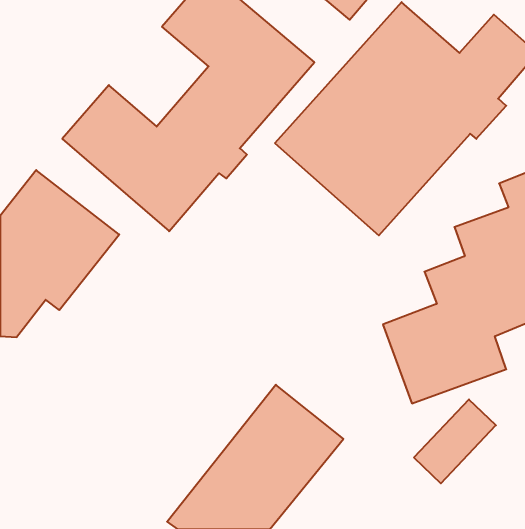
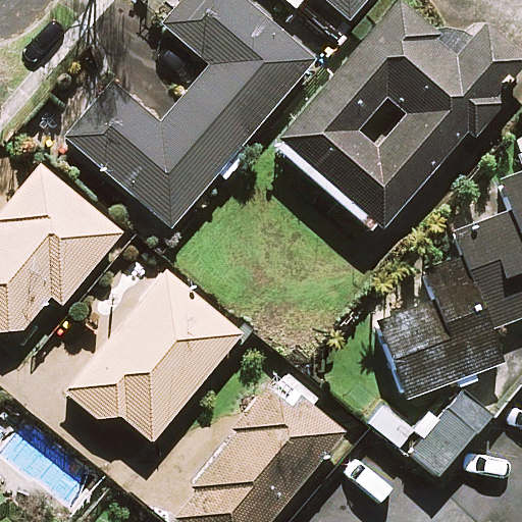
building: none -> [67,271,242,440]

